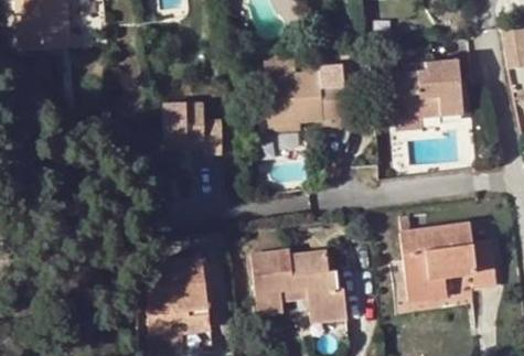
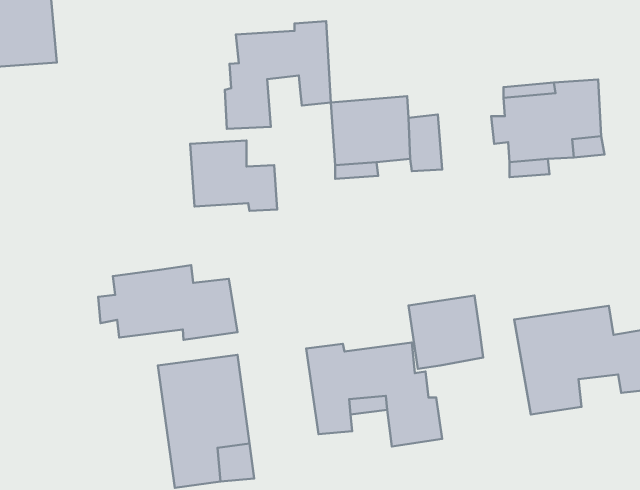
building: none -> [225,21,331,129]
building: none -> [98,265,237,340]
building: none -> [409,296,483,369]

